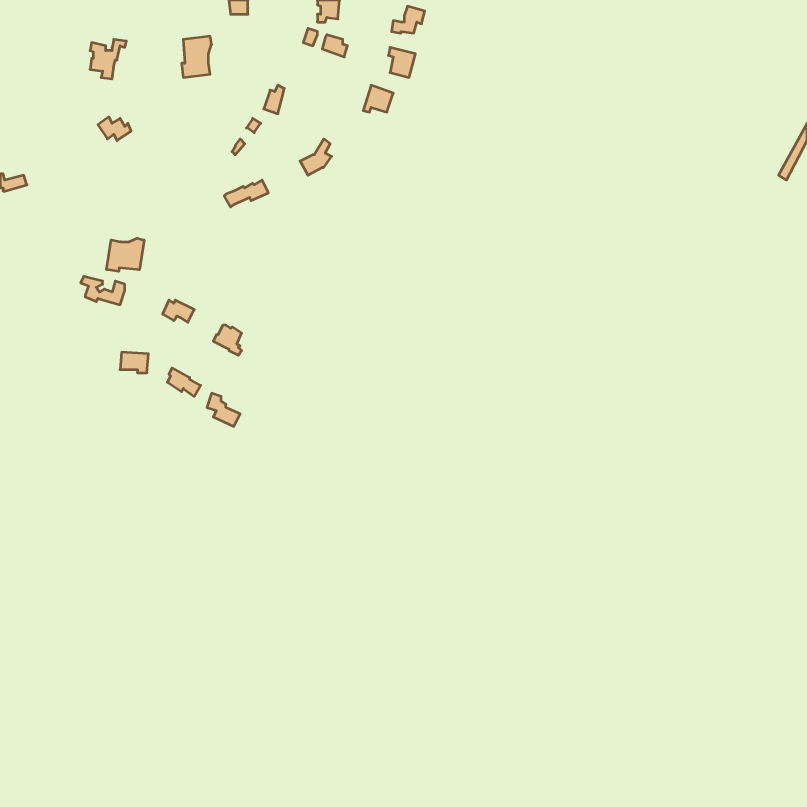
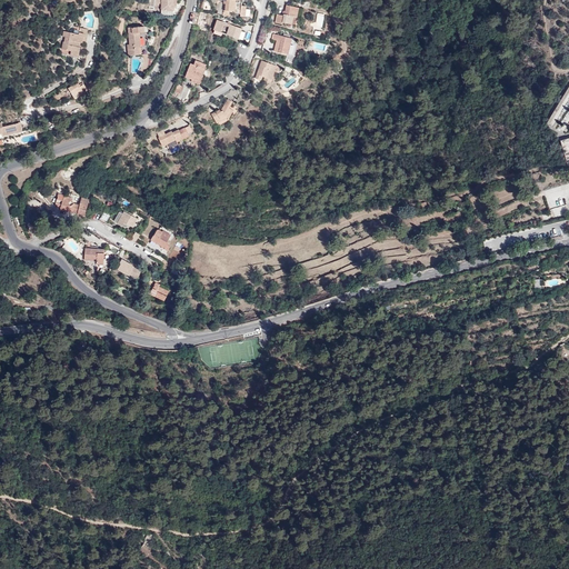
building: [107,238,144,271] -> none

